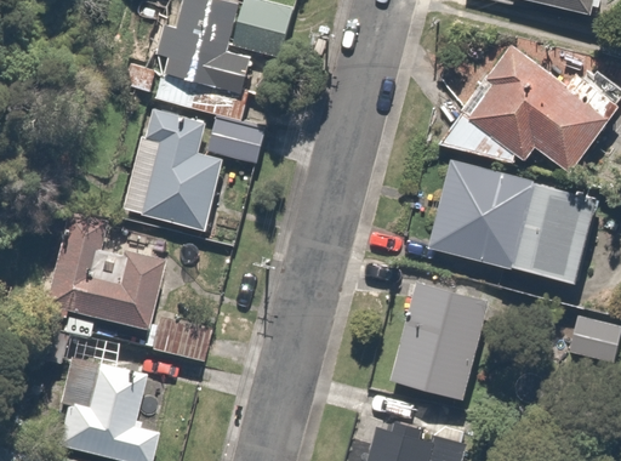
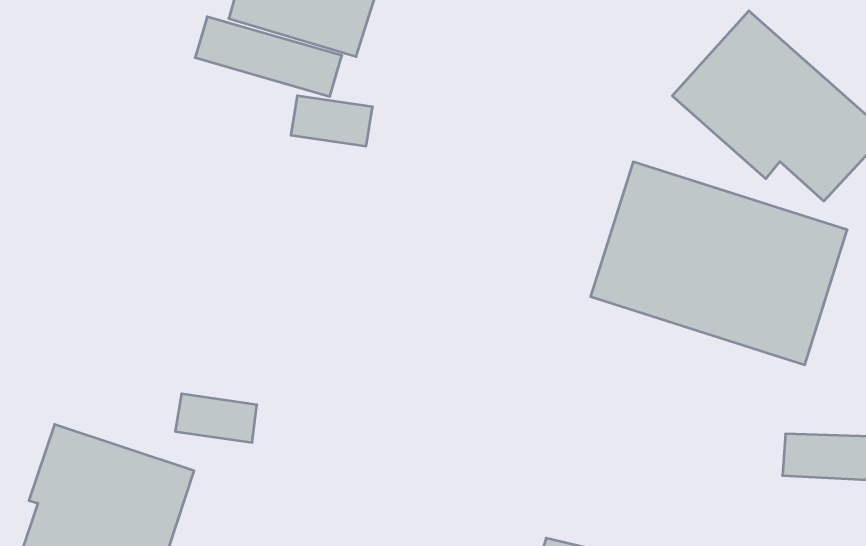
building: [123,114,232,229] -> none
building: [44,217,163,331] -> none
building: [405,284,492,399] -> none

